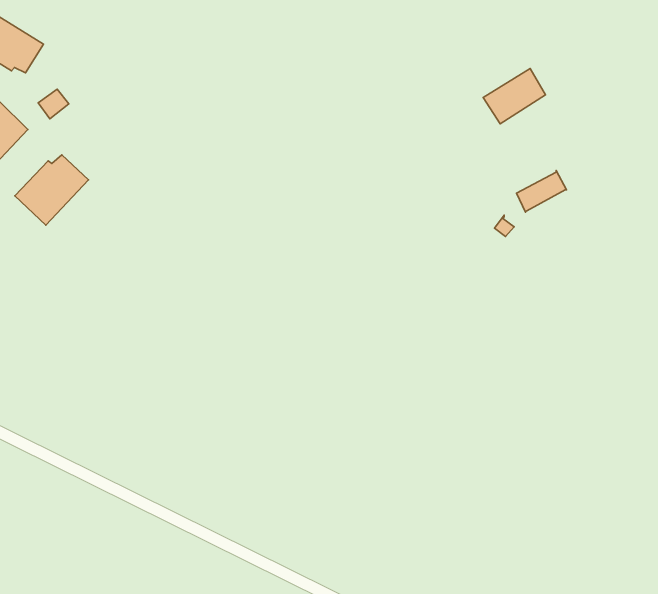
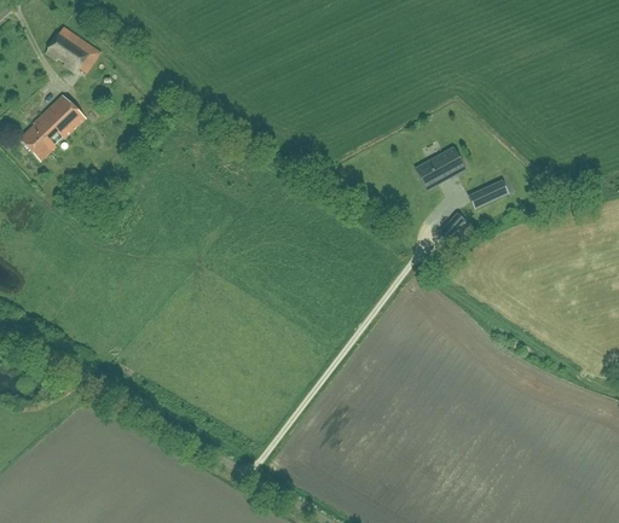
building: [483,68,546,124] -> [415,147,464,190]
building: [15,155,89,225] -> none

